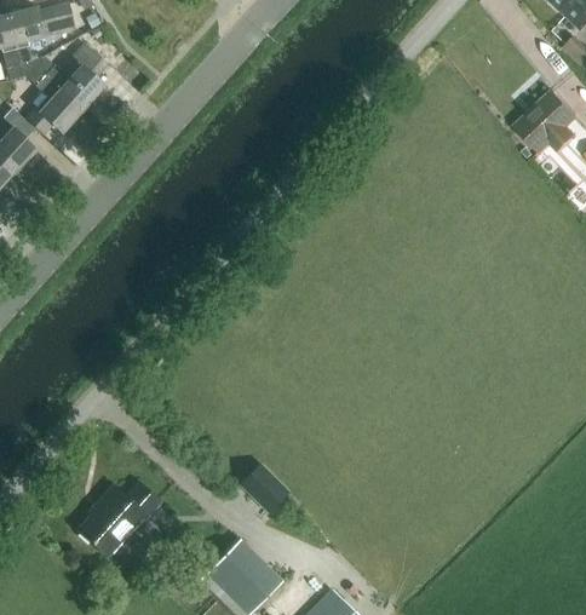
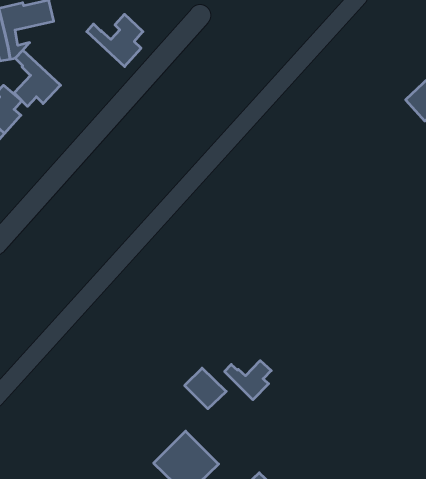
building: [36,44,107,109] -> [87,14,143,67]
building: none -> [225,361,271,400]
building: [77,484,160,557] -> none

